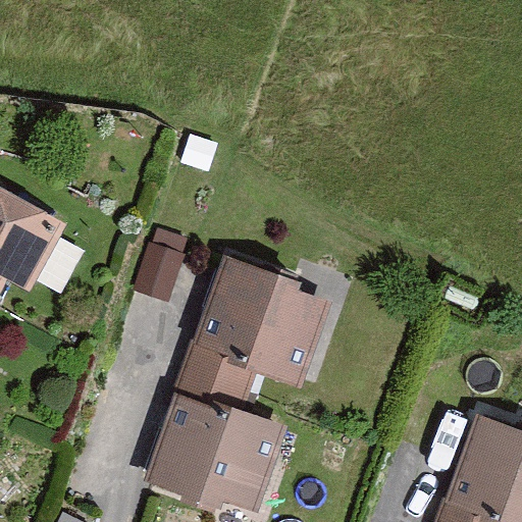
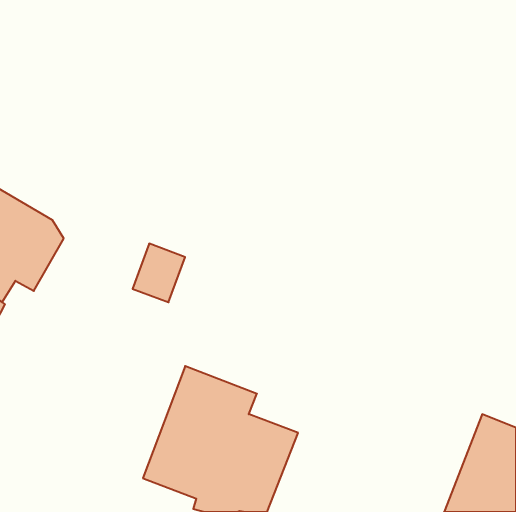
building: [184,255,340,393] -> none

